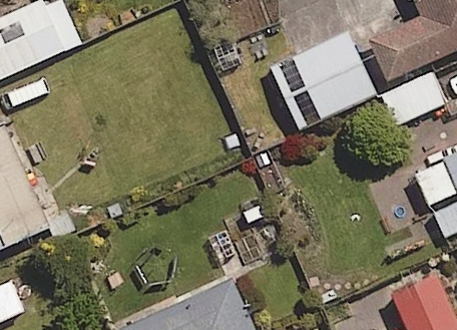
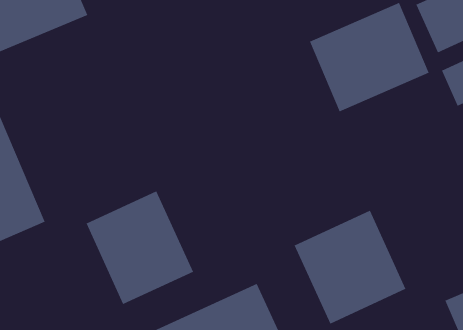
building: none -> [86,190,194,305]
building: none -> [294,210,406,324]

